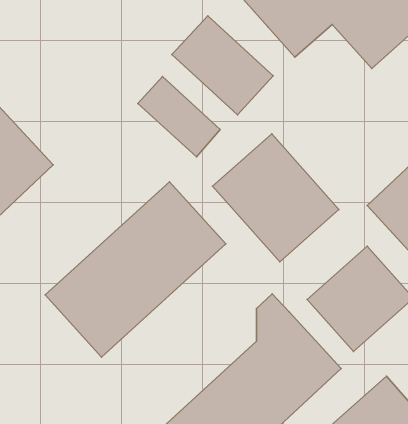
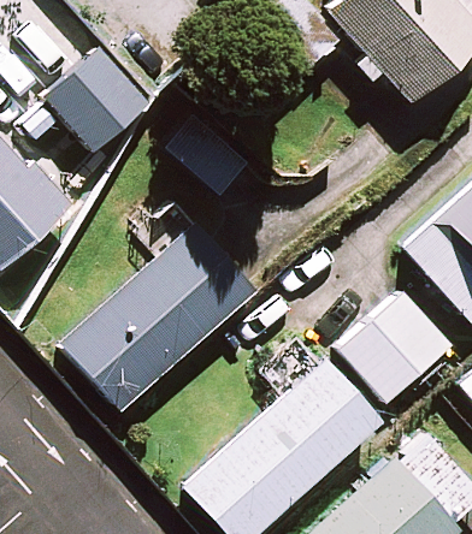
building: [172,16,273,115] -> none
building: none -> [47,48,151,152]
building: [213,134,339,262] -> none

